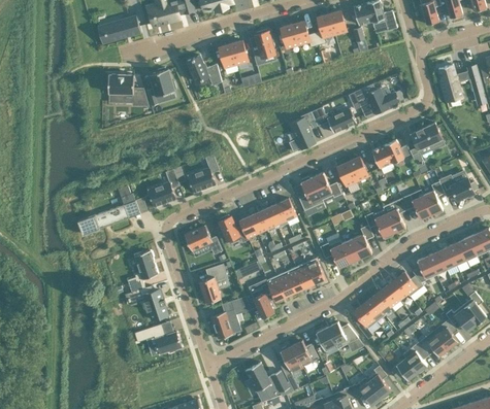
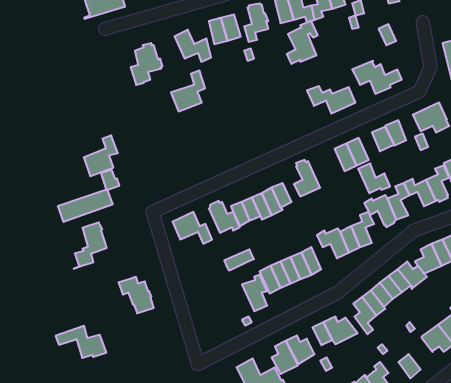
building: [108,74,148,105] -> none
building: [288,111,317,151] -> [287,21,318,64]
building: [186,155,218,193] -> [171,71,205,111]
building: [148,169,179,207] -> [84,135,118,176]
building: [312,172,341,200] -> [358,163,390,193]
building: [126,250,157,294] -> [74,222,107,269]
building: [199,264,227,303] -> none
building: [210,296,249,339] -> none
building: [134,323,182,353] -> [56,326,106,358]
building: [402,342,428,373] -> none

